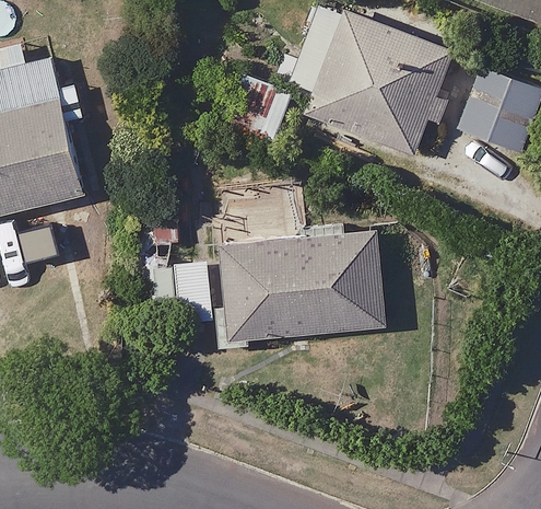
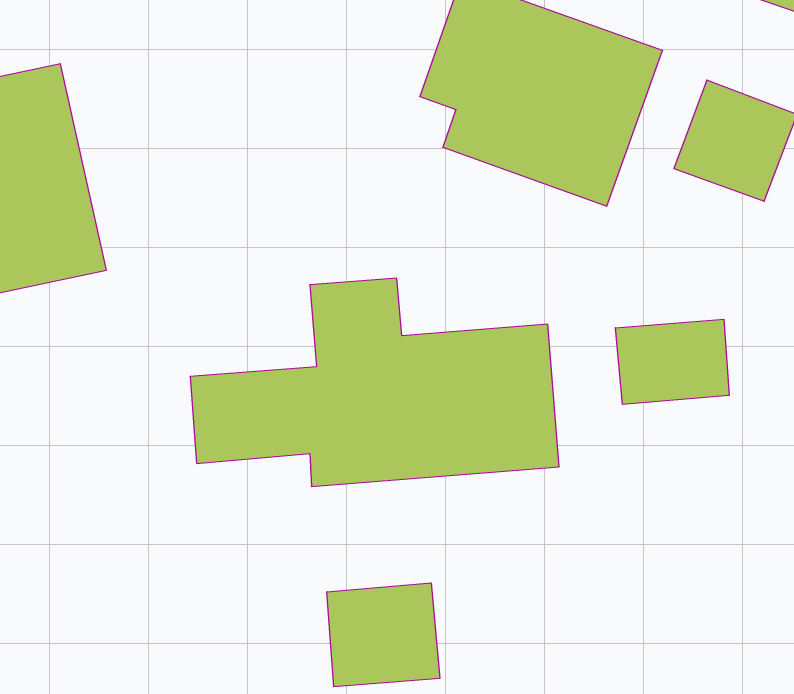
building: none -> [615,319,729,404]
building: none -> [327,583,440,687]

